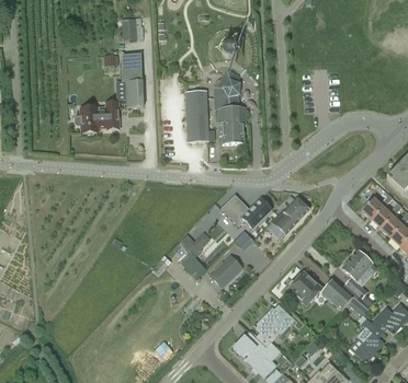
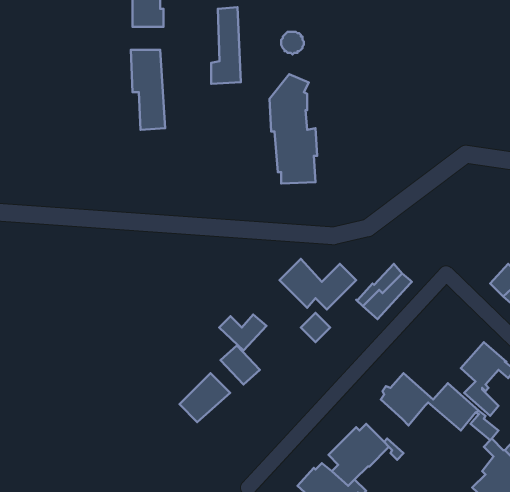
building: [188,89,207,140] -> [211,7,241,84]
building: [75,101,120,131] -> none
building: [209,253,243,286] -> [179,373,230,422]

